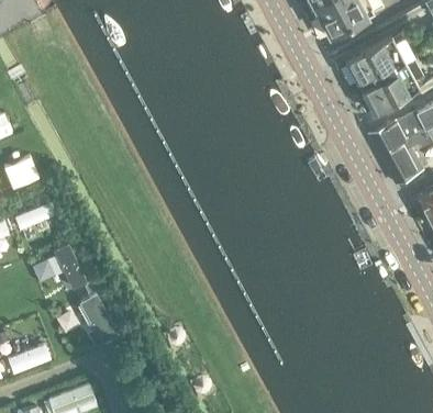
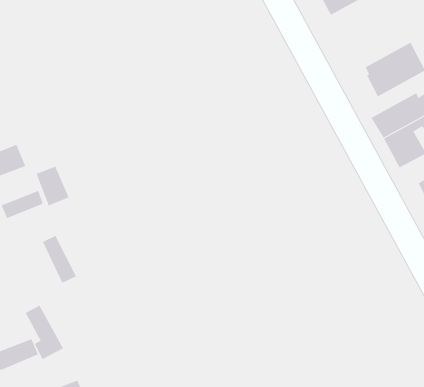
building: [346,33,407,83] -> none
building: none -> [36,166,69,206]
building: [79,294,116,347] -> [25,305,64,360]

